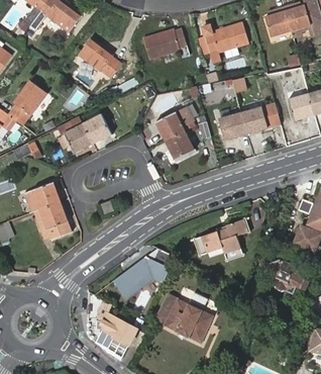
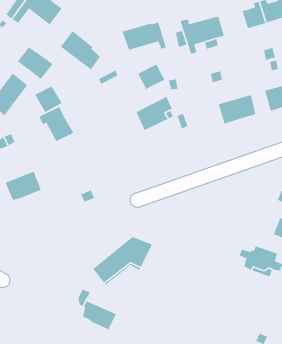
building: none -> [17,46,53,80]
building: [221,112,247,138] -> none
building: [83,114,112,143] -> [34,86,63,113]
building: [166,130,195,158] -> [137,64,166,90]
building: [40,201,73,240] -> none
building: [195,216,249,255] -> none
building: [164,298,213,342] -> none

